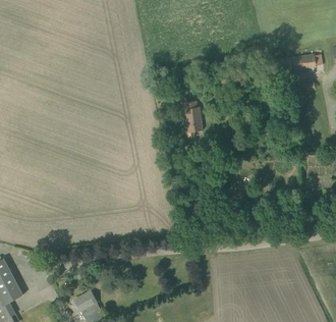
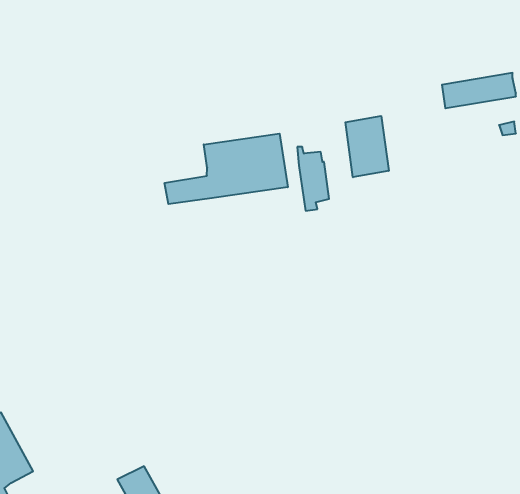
building: none -> [345,116,389,177]
building: none -> [165,134,288,204]

